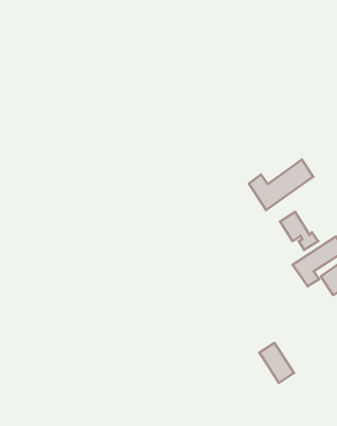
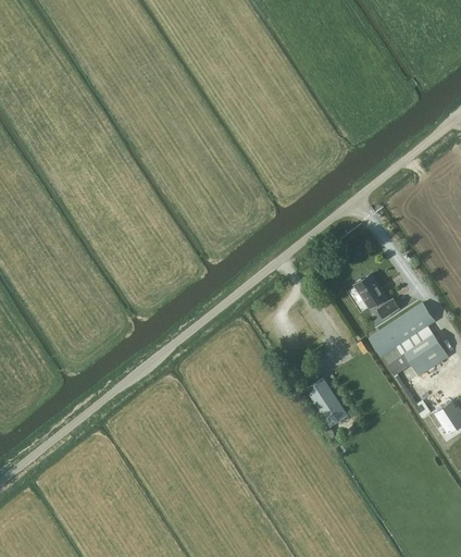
building: [249,160,313,210] -> none
building: [259,343,294,383] -> [304,377,347,426]

